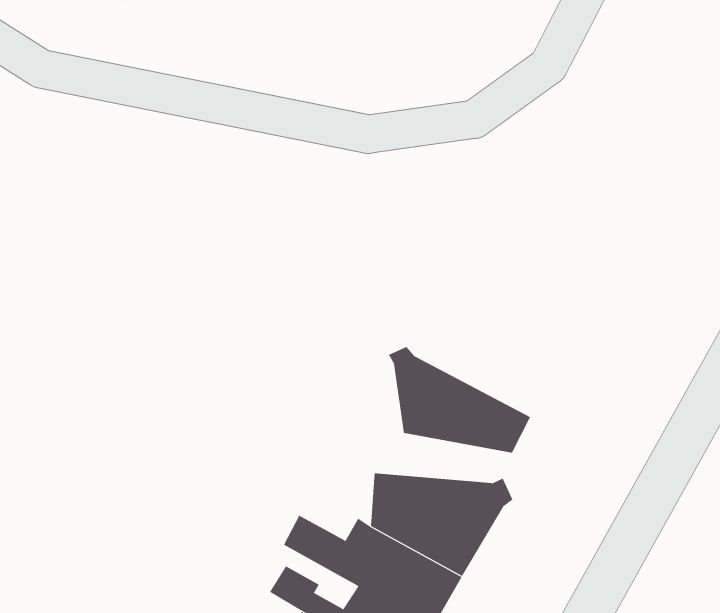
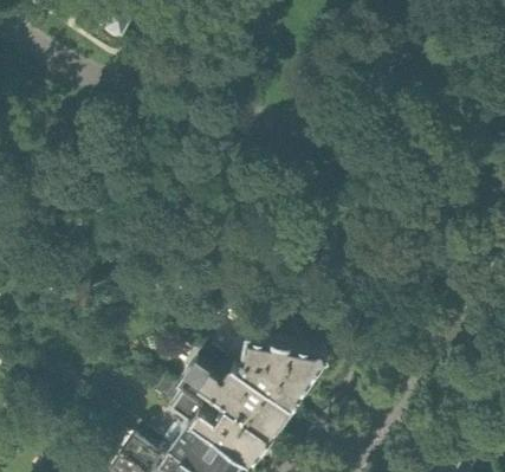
building: [388,346,531,454] -> none

